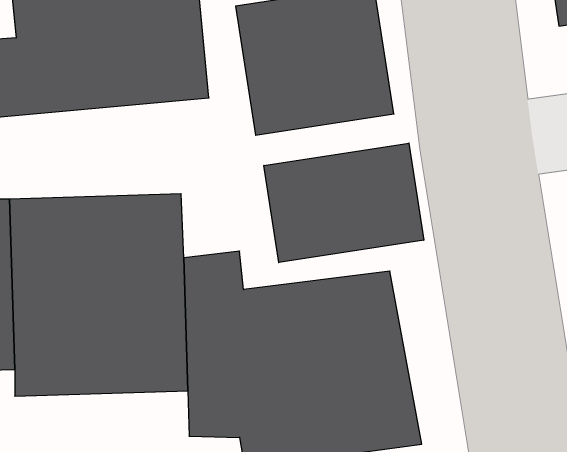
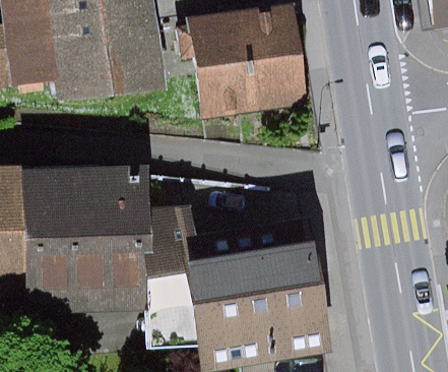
building: [264,143,424,263] -> none

